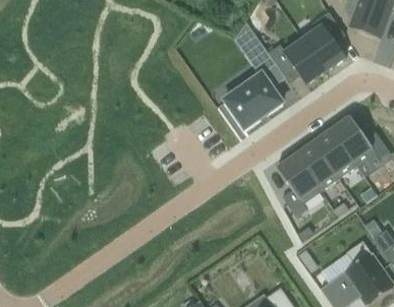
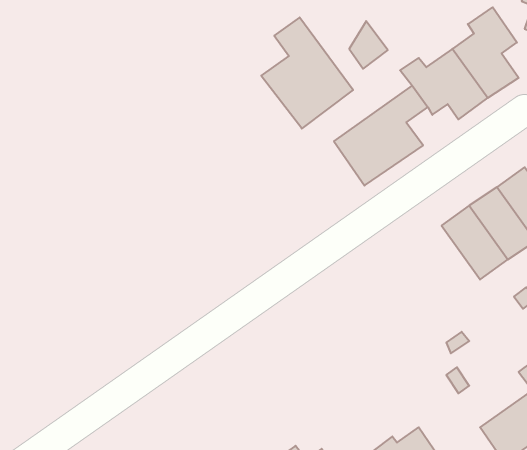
building: none -> [261,17,353,129]
building: [277,155,321,216] -> none

